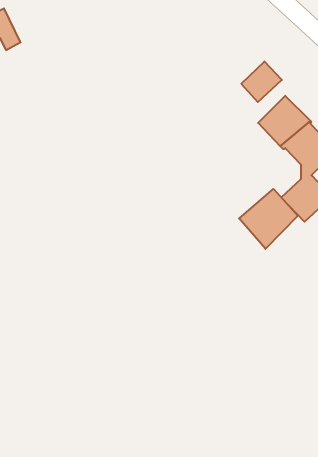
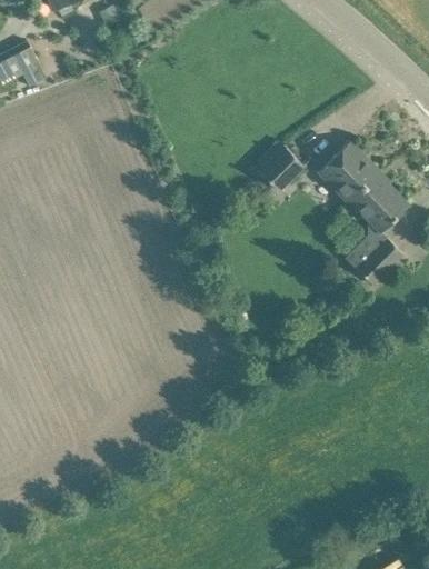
building: [241,61,282,102] -> [259,144,306,191]
building: [239,189,298,249] -> none

